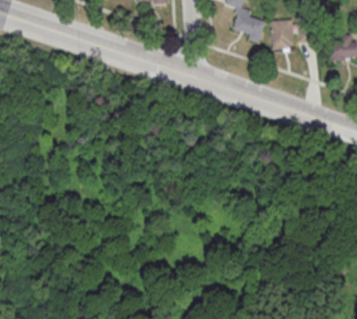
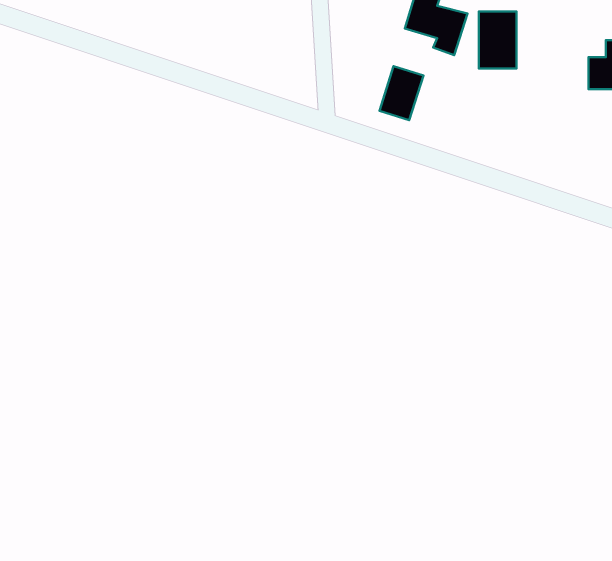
building: none -> [379,66,423,120]

